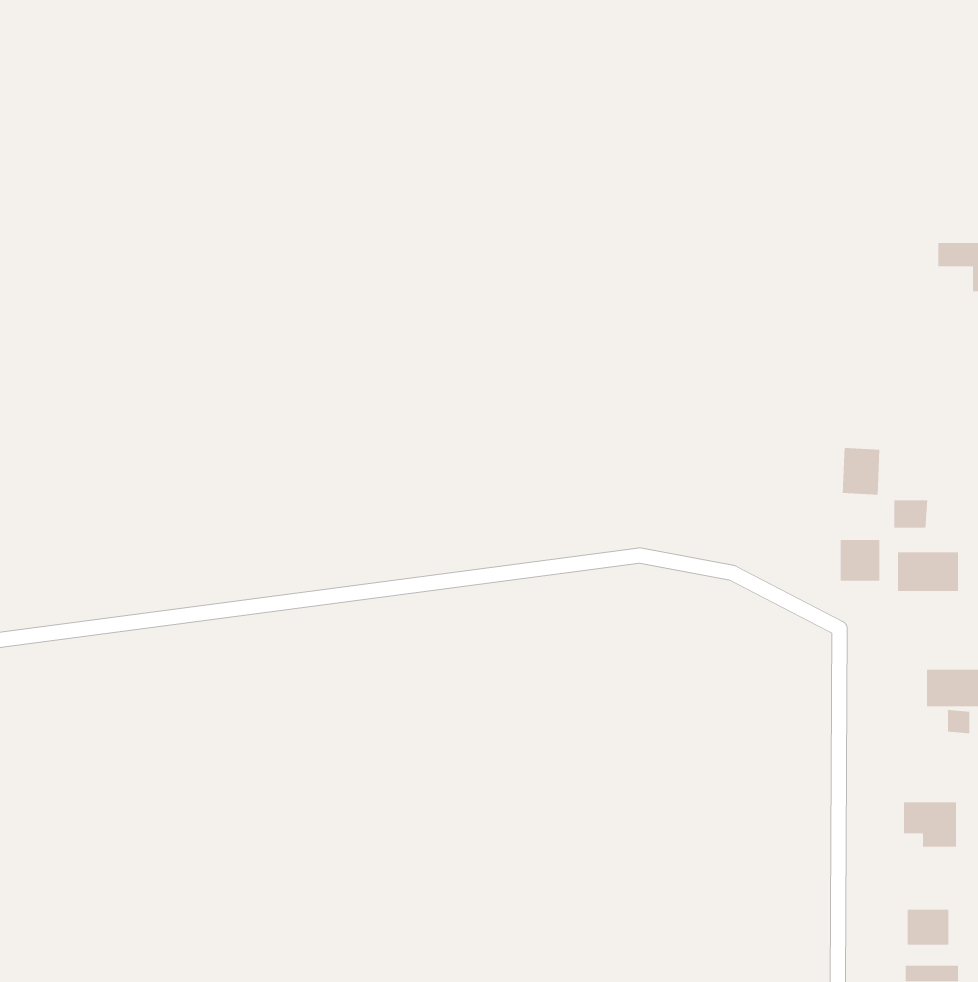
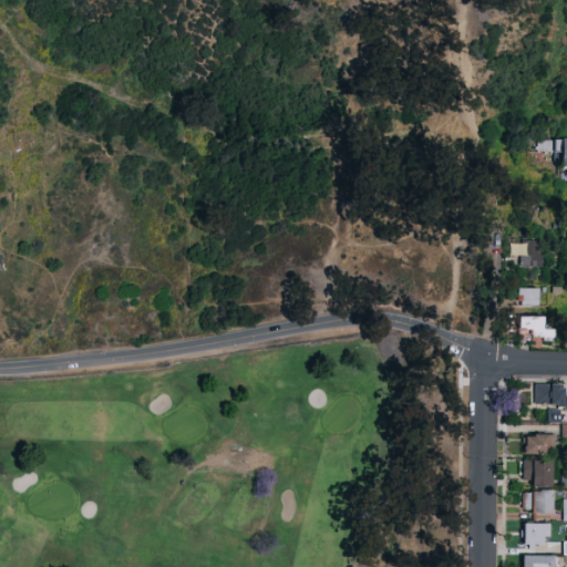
building: [842,447,880,495] -> [520,239,543,267]
building: [840,539,880,582] -> none
building: none -> [525,434,554,455]
building: none -> [526,492,554,514]

